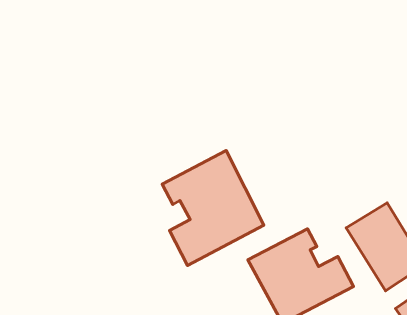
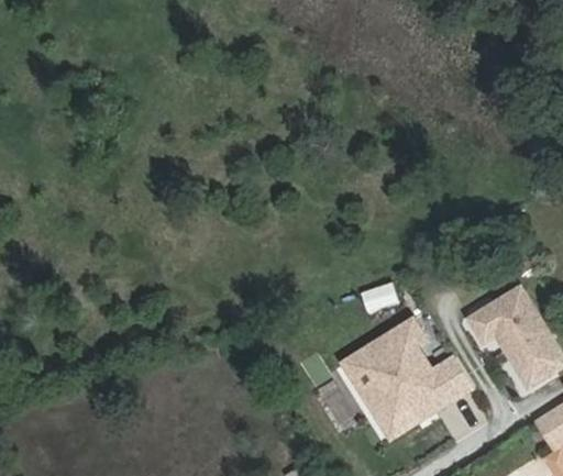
building: [162,151,264,265] -> none

